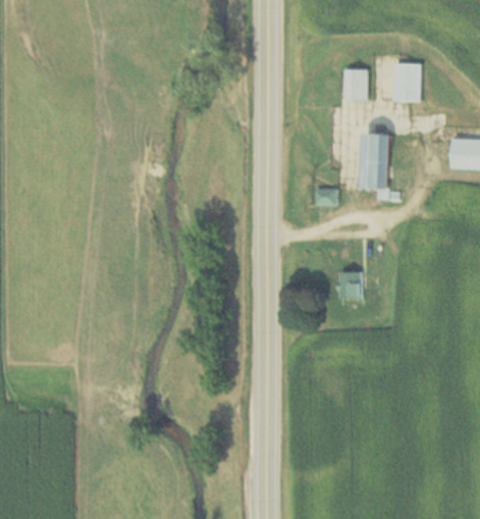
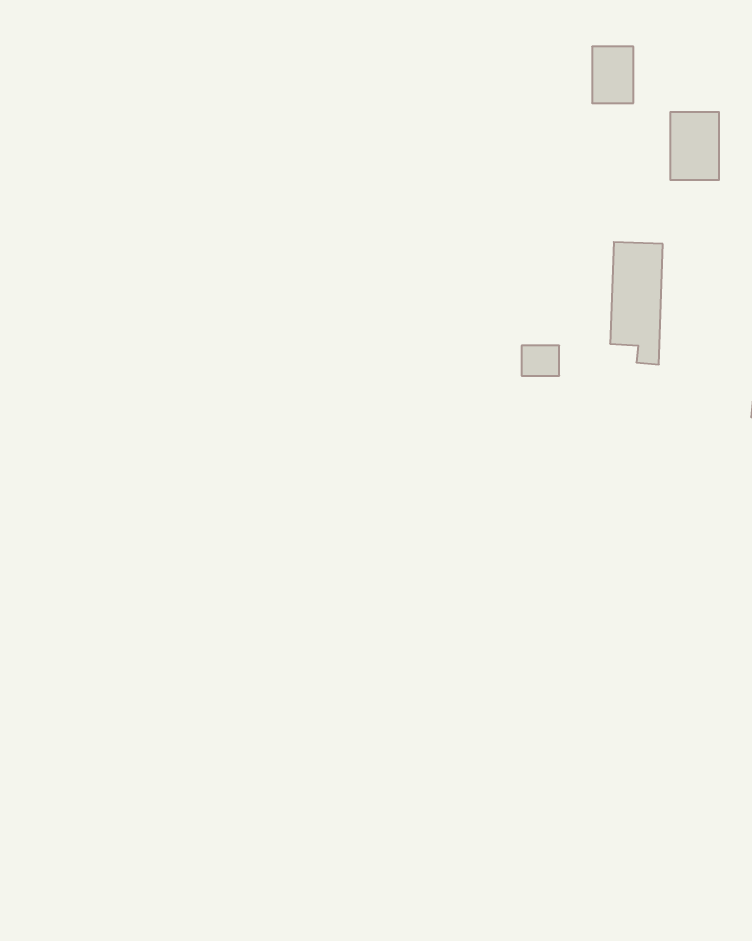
building: [344,68,367,99] -> [592,47,633,103]
building: [338,272,361,299] -> none

